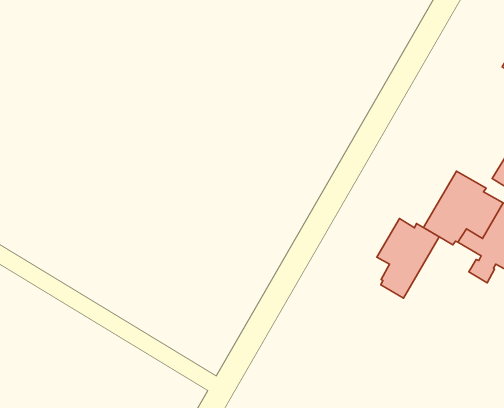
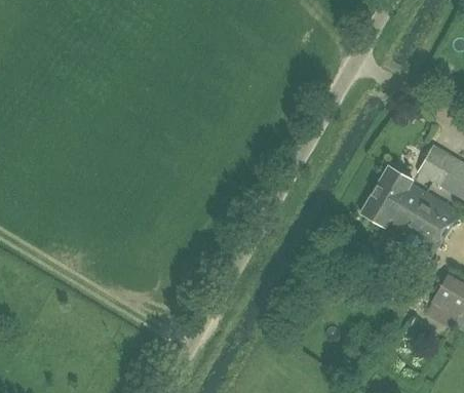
building: [377,219,439,298] -> none

